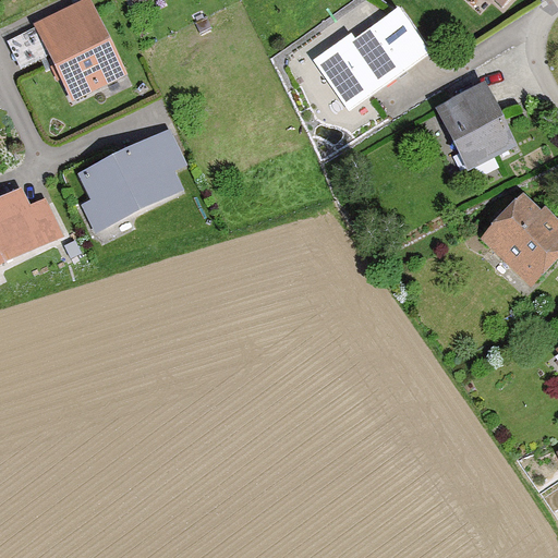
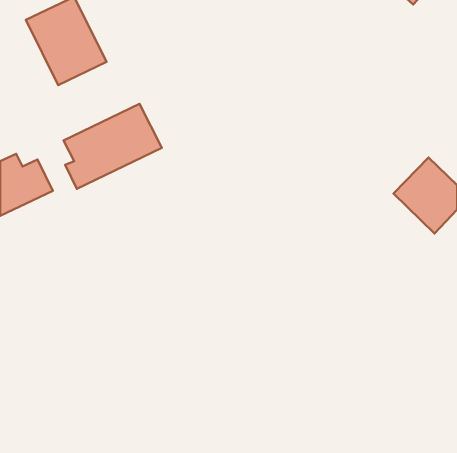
building: [314,8,429,110] -> none
building: [434,78,515,167] -> none

